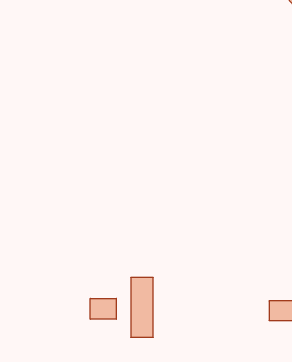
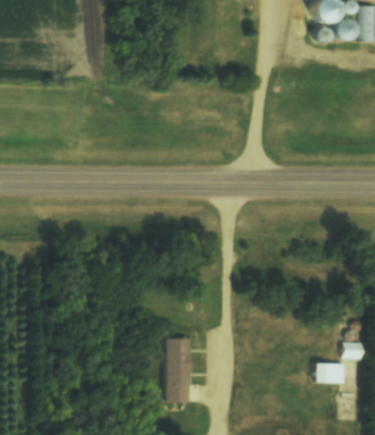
building: [90,298,116,319] -> none

